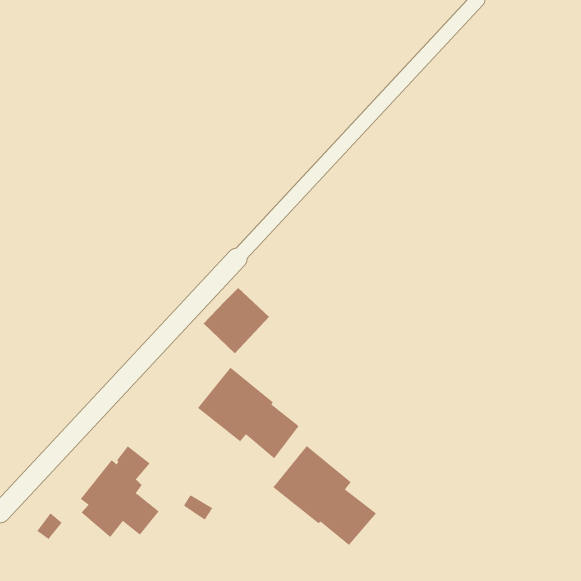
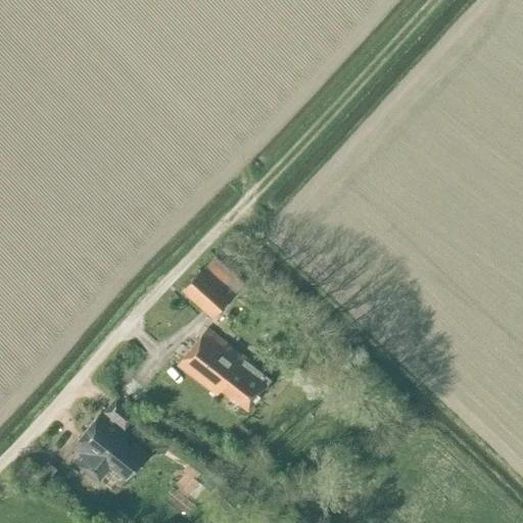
building: [273,445,377,546] -> none

